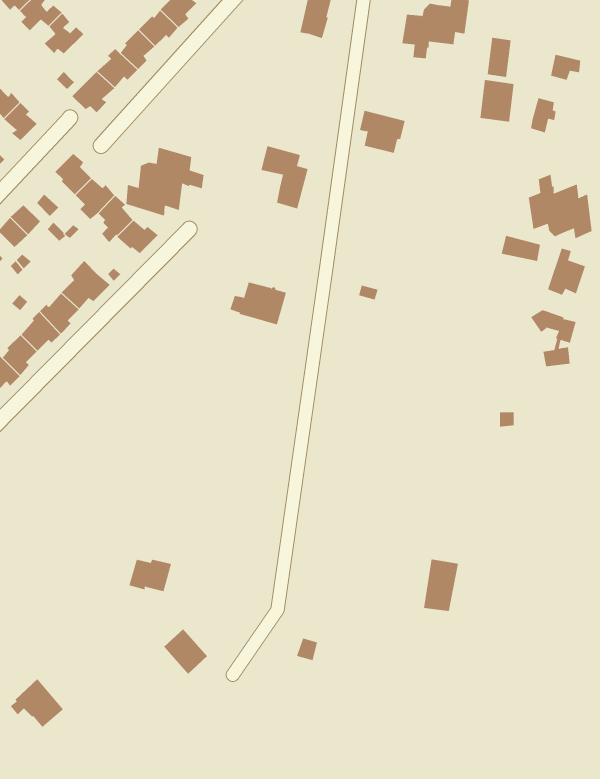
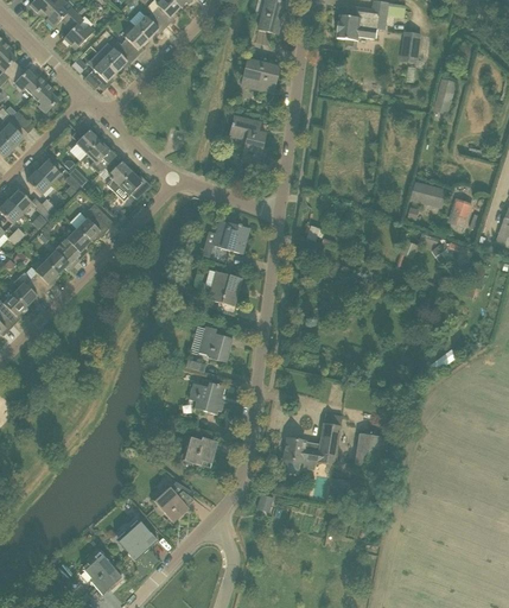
building: [480,79,514,123] -> none
building: [359,110,406,153] -> [243,58,279,91]
building: [126,147,204,216] -> none
building: [528,174,592,239] -> none
building: none -> [208,270,242,305]
building: none -> [198,325,233,362]
building: none -> [189,381,224,413]
building: none -> [284,412,342,471]
building: [128,559,172,592] -> [184,437,217,462]
building: none -> [116,519,158,560]
building: [10,678,64,728] -> [81,552,122,590]

